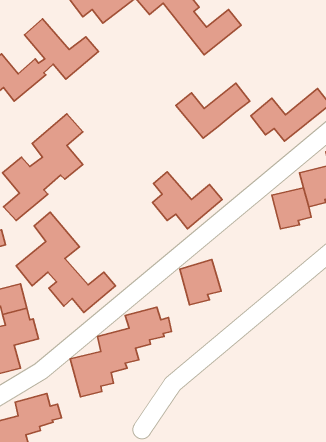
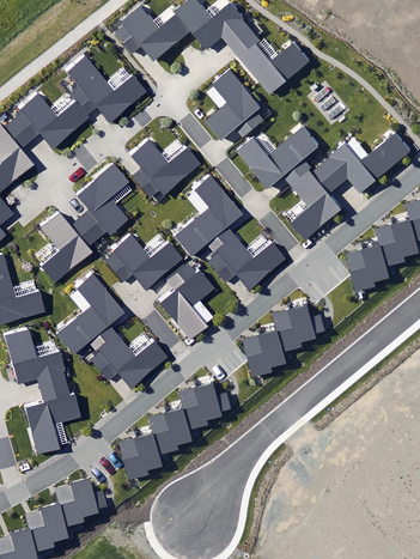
building: none -> [205,68,264,139]
building: none -> [130,140,201,196]
building: none -> [284,158,342,238]
building: none -> [175,176,242,255]
building: none -> [106,236,215,340]
building: none -> [273,302,324,350]

